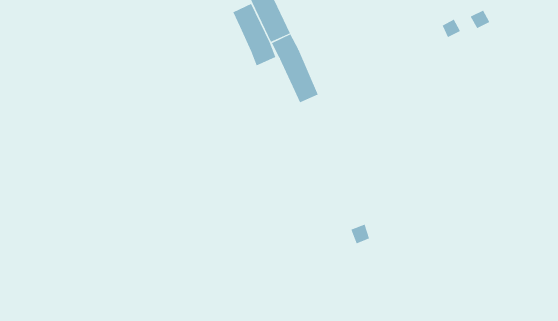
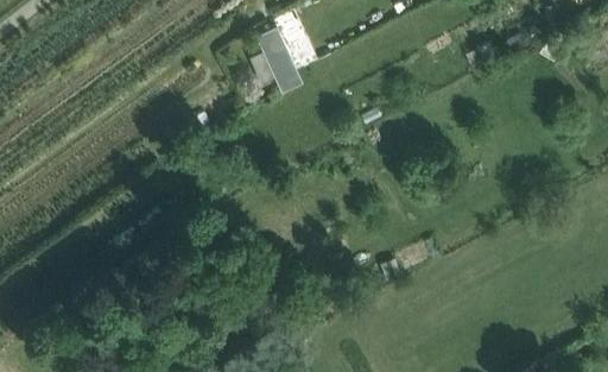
building: [271,34,319,103] -> none

